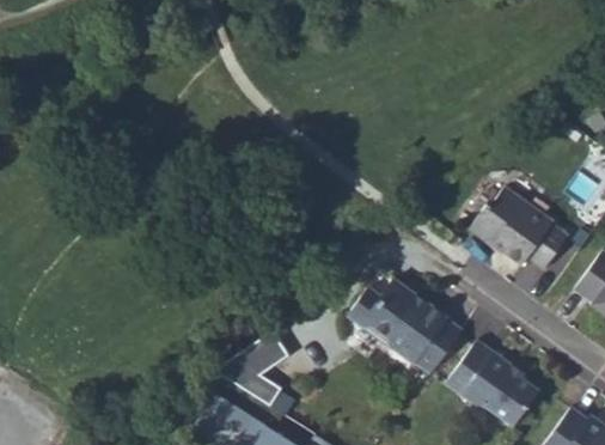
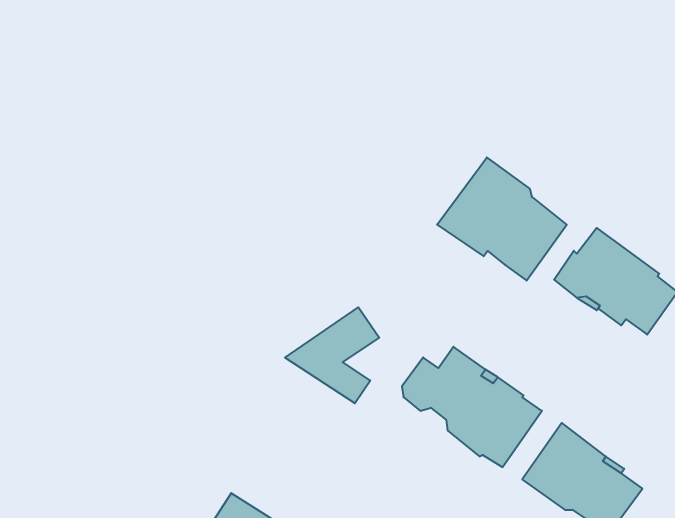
building: none -> [437,157,567,281]
building: [216,330,291,406] -> [285,307,379,403]

